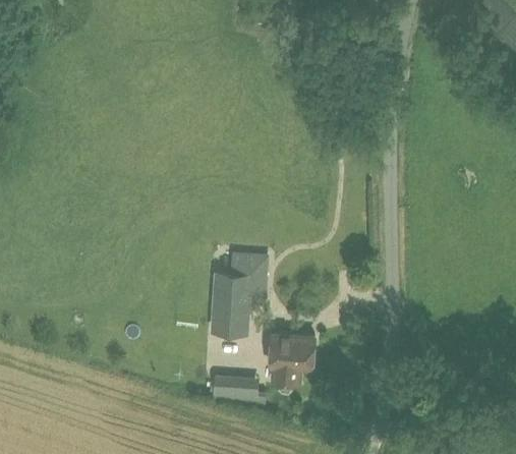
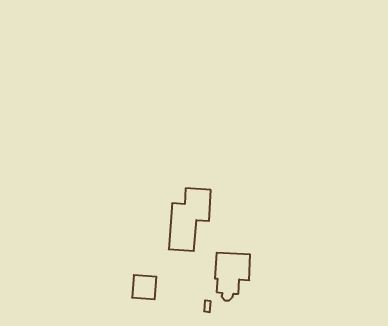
building: [213,375,242,404] -> [132,275,156,299]

